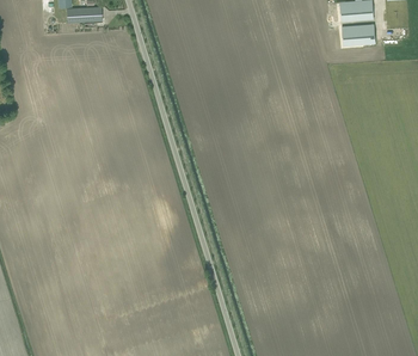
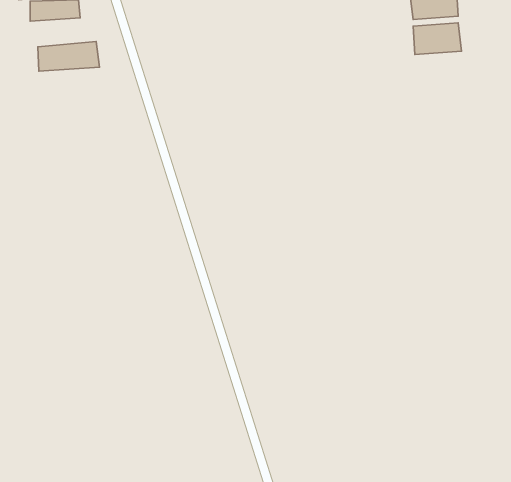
building: none -> [38,42,100,71]

